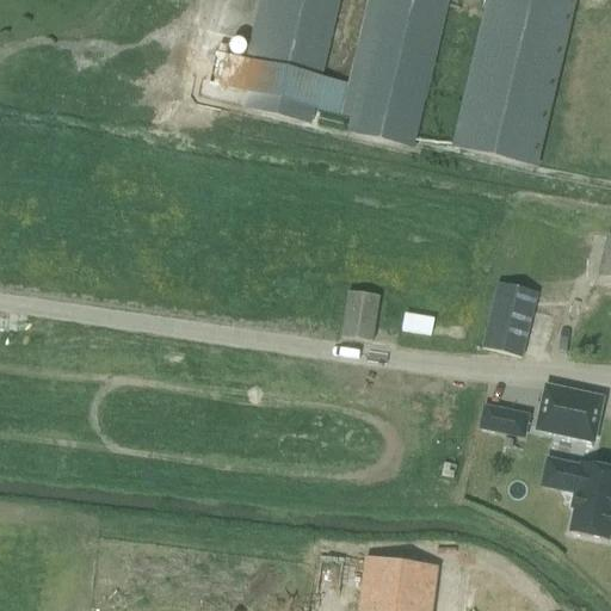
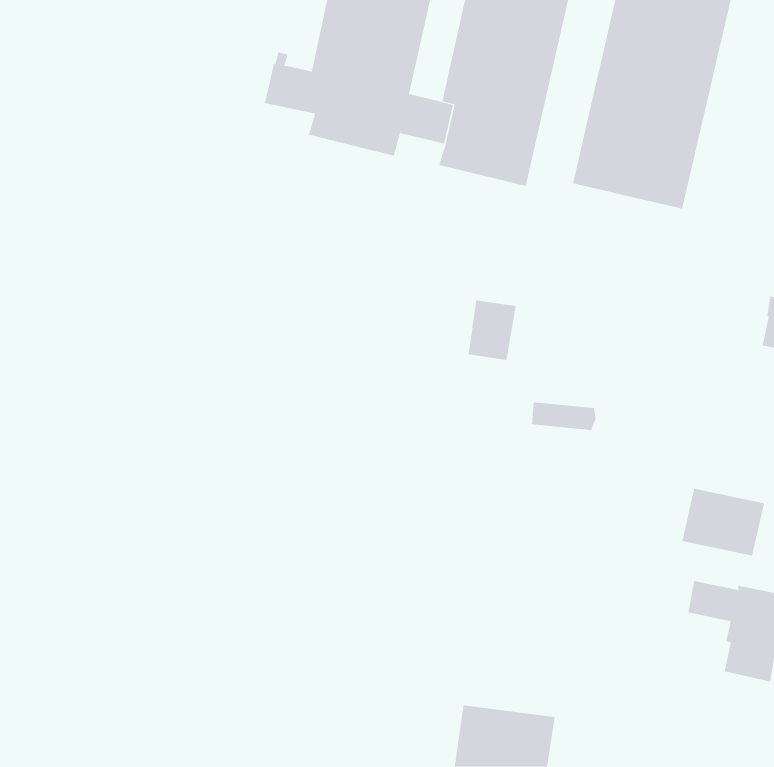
building: [482,280,537,354] -> none
building: [341,290,379,338] -> [468,300,516,361]
building: [480,402,527,434] -> none

